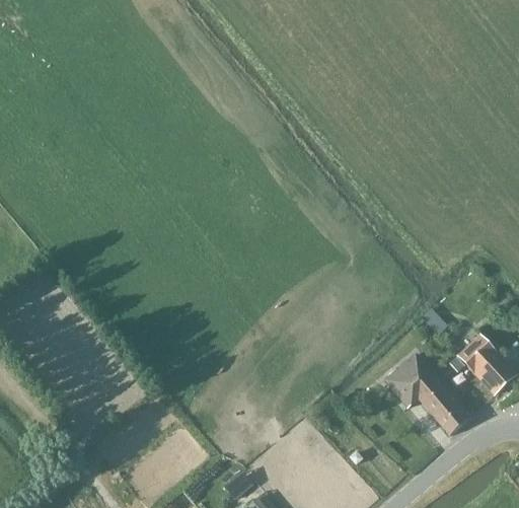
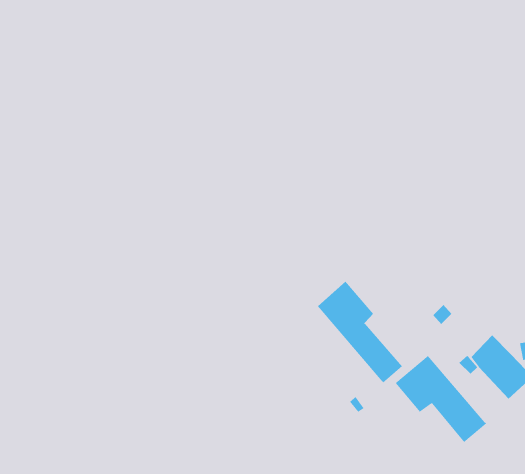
building: none -> [317,281,403,383]

